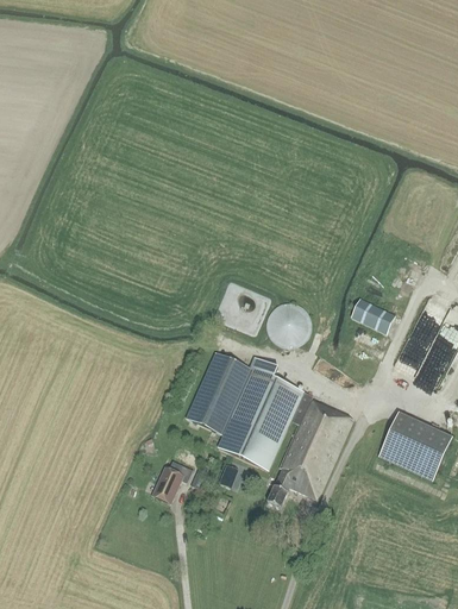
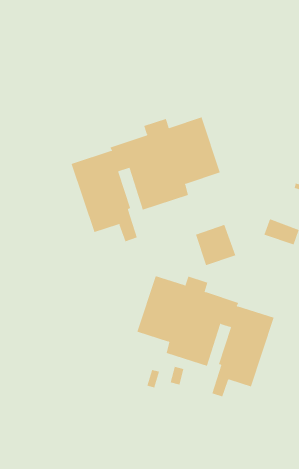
building: none -> [71,117,220,242]
building: [152,460,193,503] -> none

